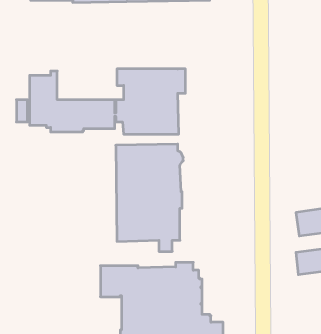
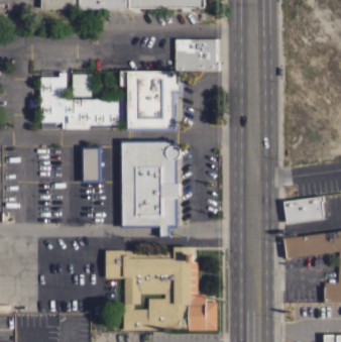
building: none -> [176,39,219,71]
building: none -> [72,74,92,97]
building: none -> [81,146,102,183]

